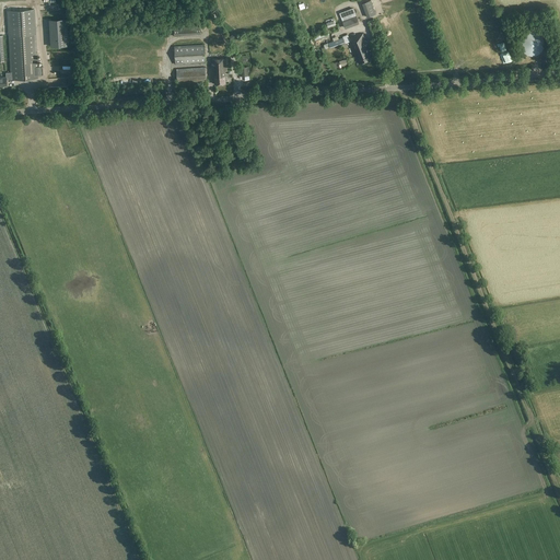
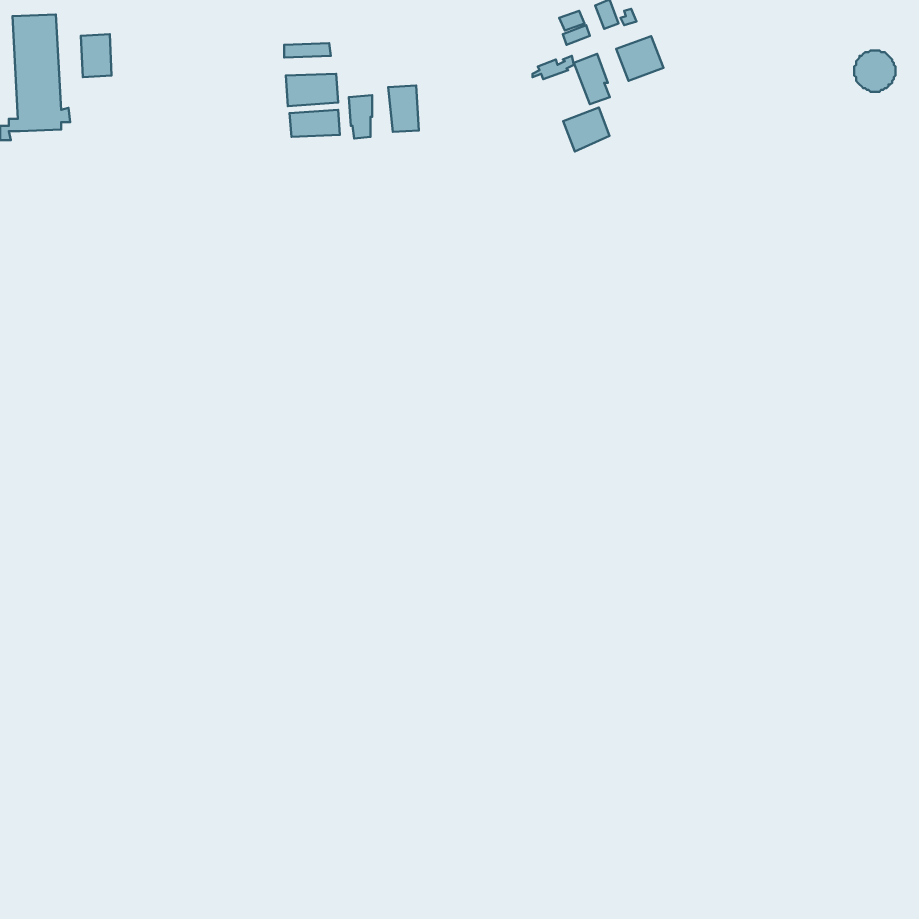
building: none -> [616,36,663,81]
building: none -> [388,85,419,132]
building: none -> [563,108,610,152]

